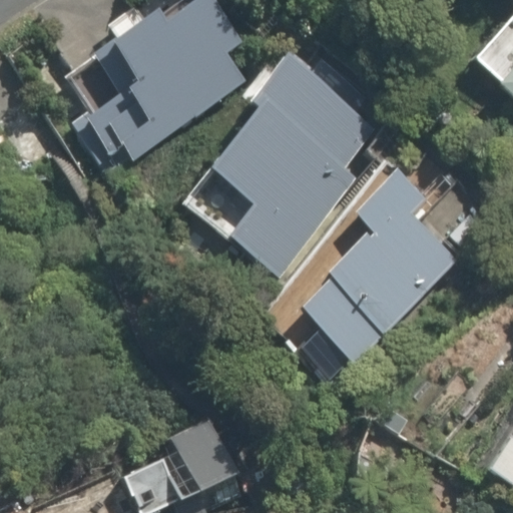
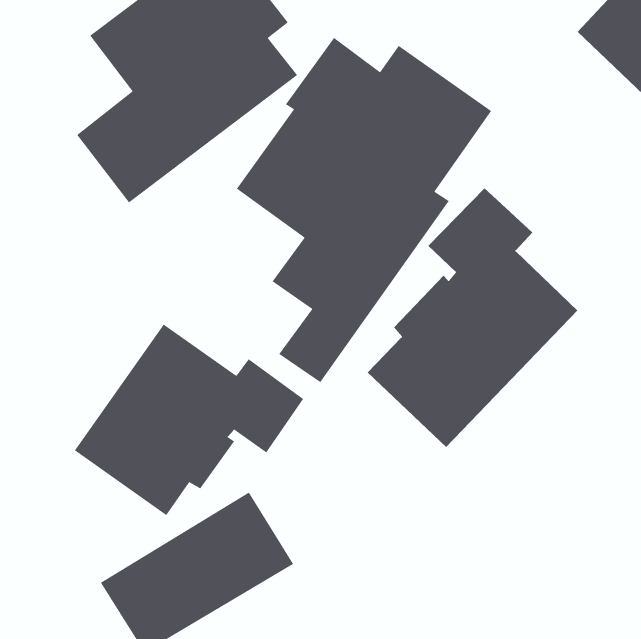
building: none -> [74,323,304,516]

